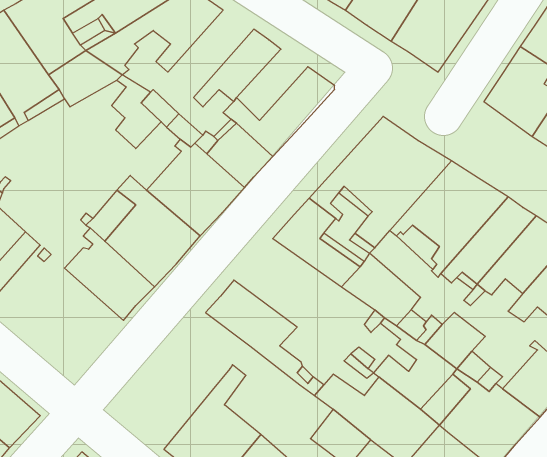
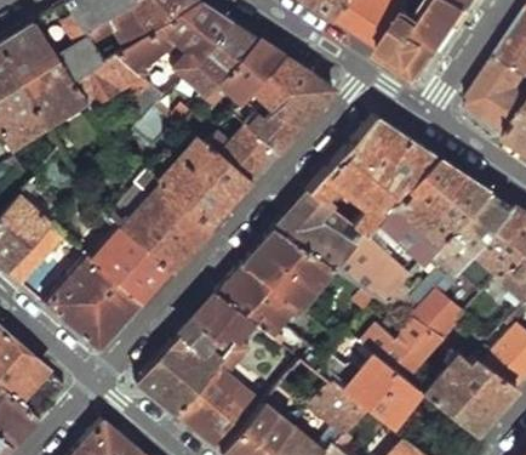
building: none -> [179,22,258,101]
building: none -> [242,57,307,121]
building: none -> [240,228,337,308]
building: none -> [44,255,141,349]
building: none -> [135,295,255,419]

